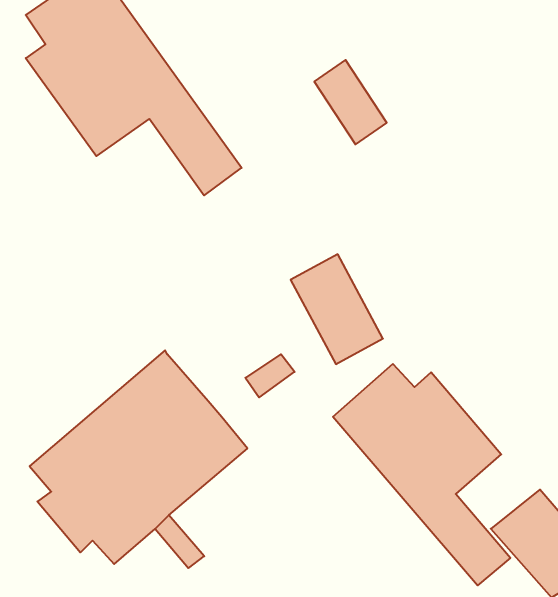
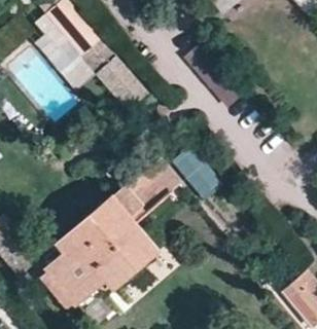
building: none -> [110,170,166,224]
building: [333,364,510,585] -> none

